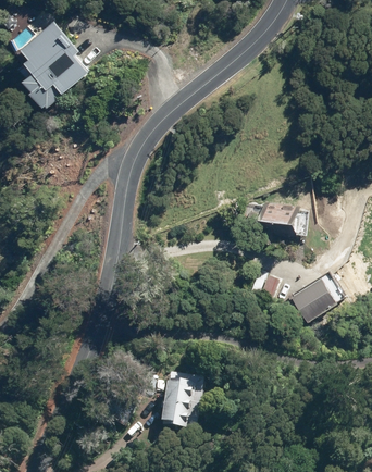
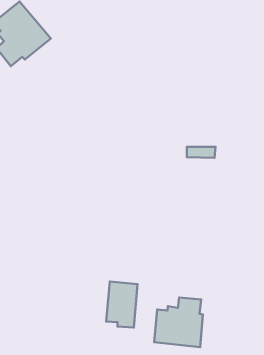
building: [286,275,335,323] -> none
building: none -> [154,298,203,347]

